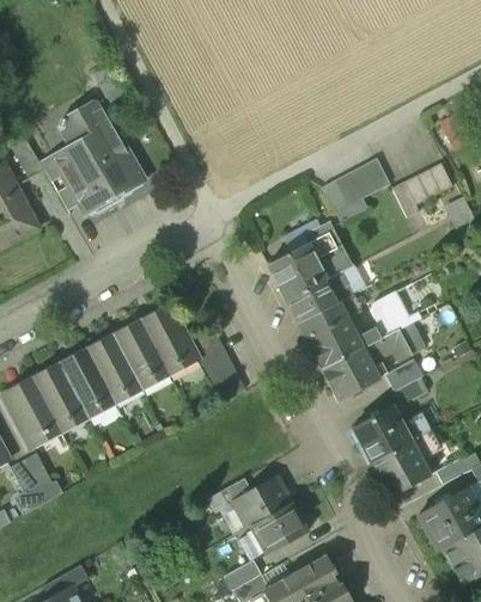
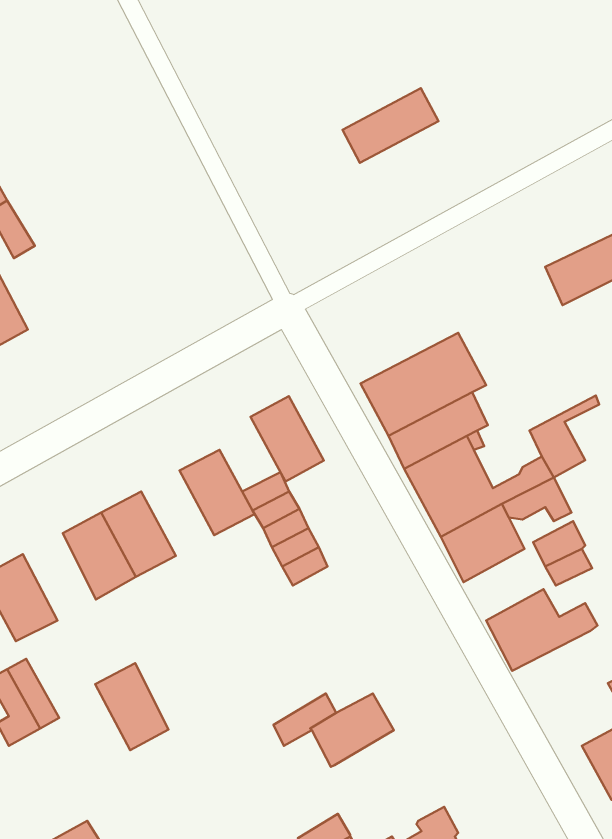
building: [51,102,138,209] -> none
building: [323,160,389,211] -> [343,88,438,163]
building: [116,325,166,383] -> [251,396,324,481]
building: [35,368,85,428] -> [95,663,168,750]
building: [371,435,433,497] -> none
building: [249,503,306,557] -> none

